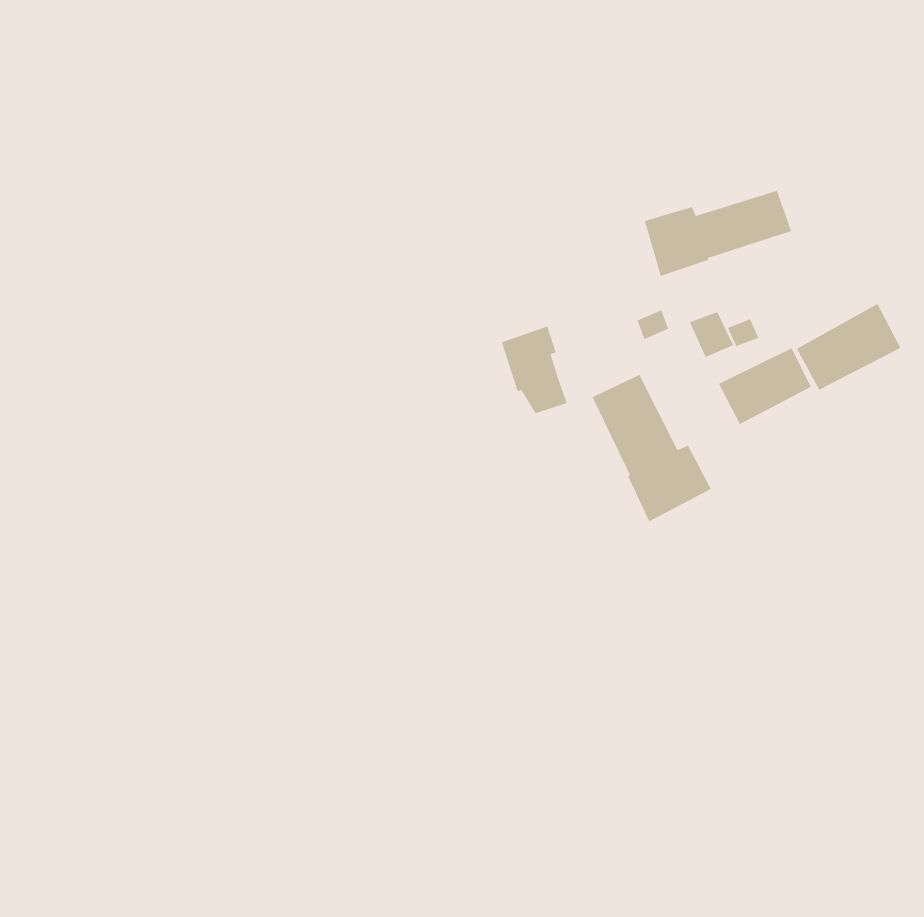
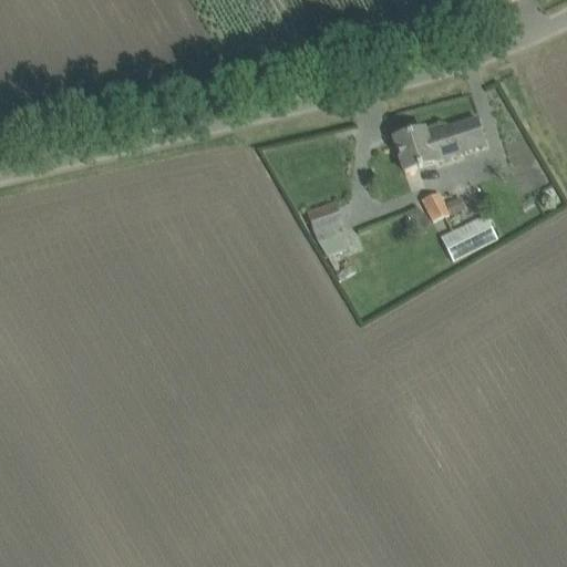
building: [796,303,901,391] -> none
building: [591,374,712,522] -> none

